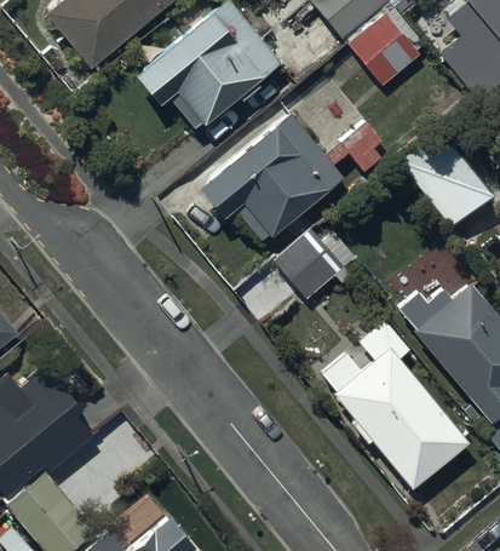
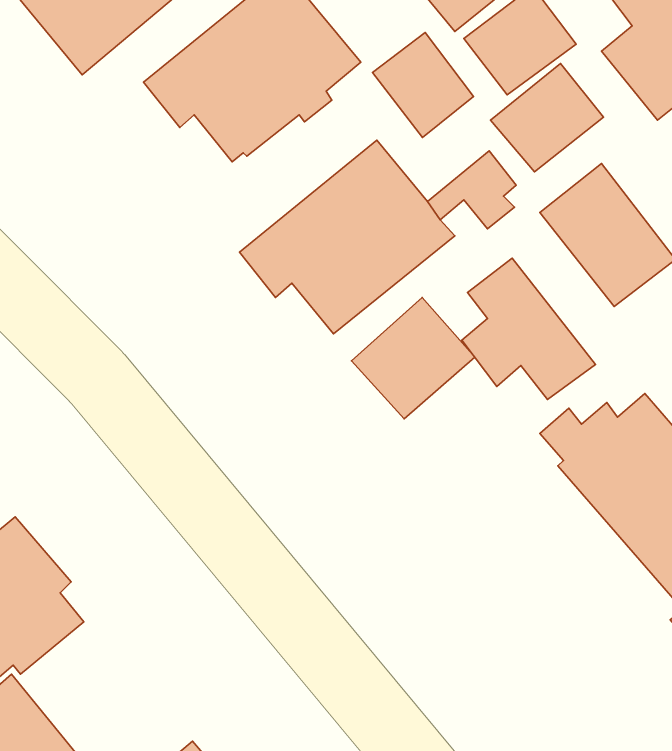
building: none -> [373,32,473,137]
building: none -> [491,63,603,172]
building: none -> [462,258,596,399]
building: [333,320,470,487] -> none

